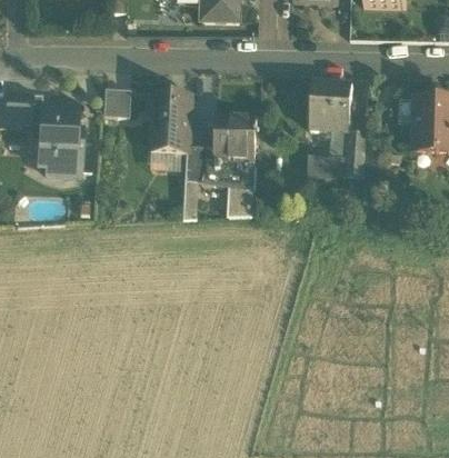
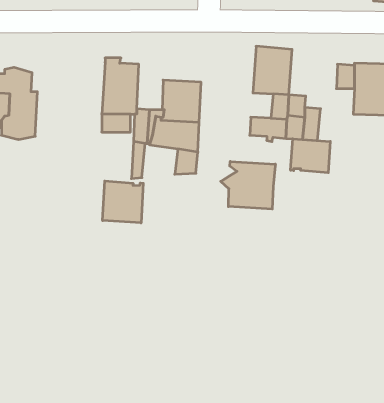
building: [102,88,131,118] -> none
building: none -> [291,139,330,173]
building: none -> [221,161,275,209]
building: none -> [103,181,143,223]

